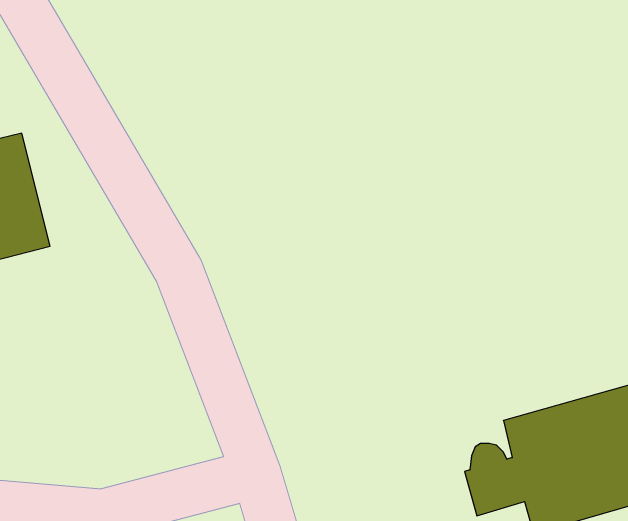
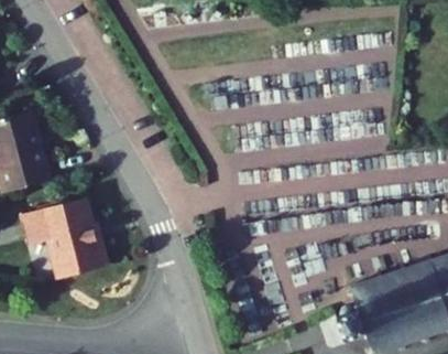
building: none -> [25,196,110,279]

